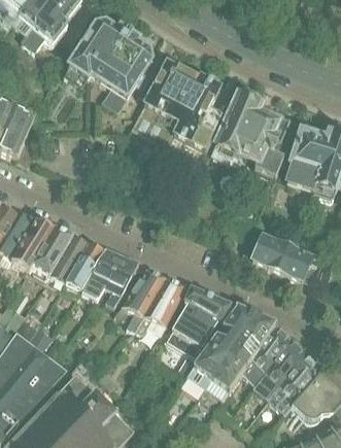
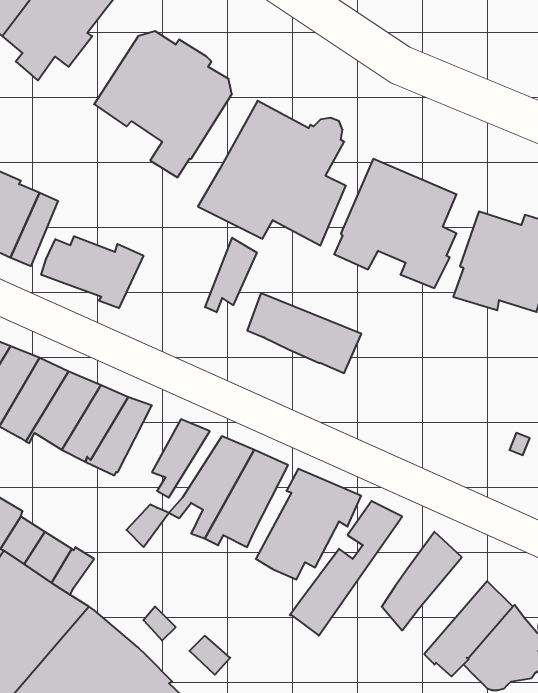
building: none -> [41,236,143,308]
building: none -> [205,238,257,312]
building: [241,230,310,278] -> [247,293,361,373]
building: [81,246,120,295] -> none
building: [203,313,273,398] -> none
building: [261,338,305,397] -> none

